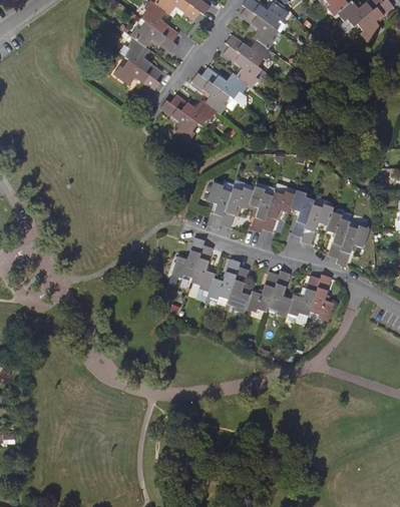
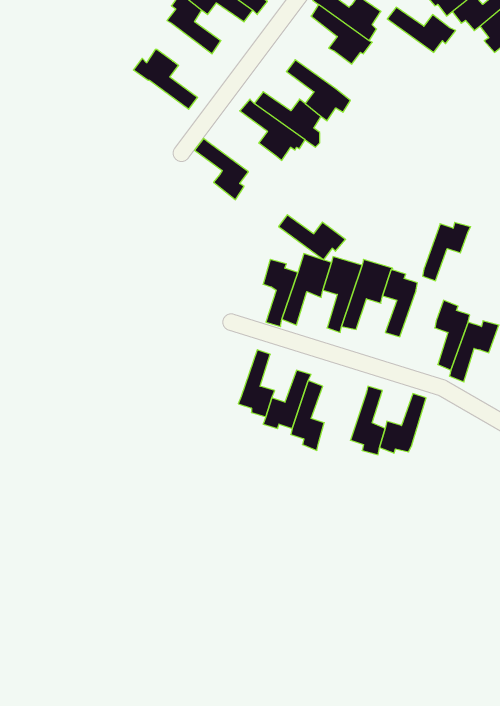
building: [130,20,176,52] -> none
building: [226,34,273,65] -> [387,7,456,52]
building: [113,59,160,90] -> none
building: [170,94,217,125] -> [279,215,346,260]
building: [301,203,334,243] -> [423,222,471,281]
building: [172,236,205,278] -> none
building: [246,271,279,312] -> none
building: [310,274,334,321] -> none

